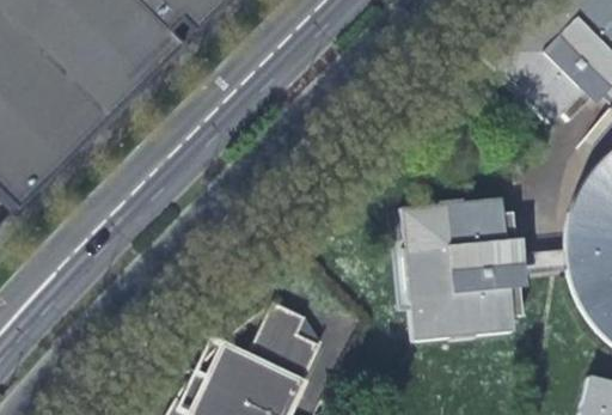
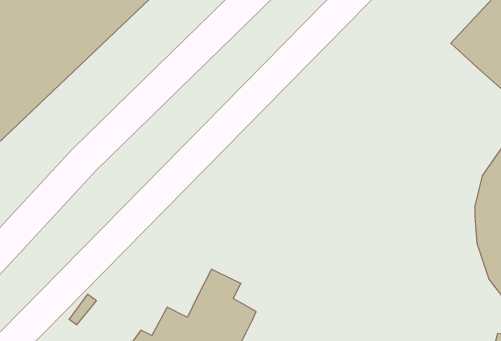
building: [391,195,525,342] -> none

